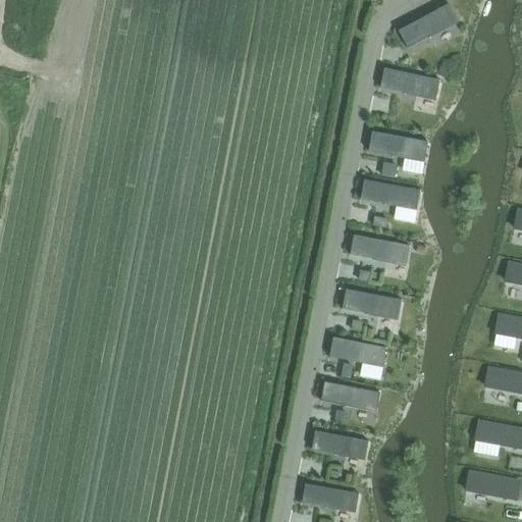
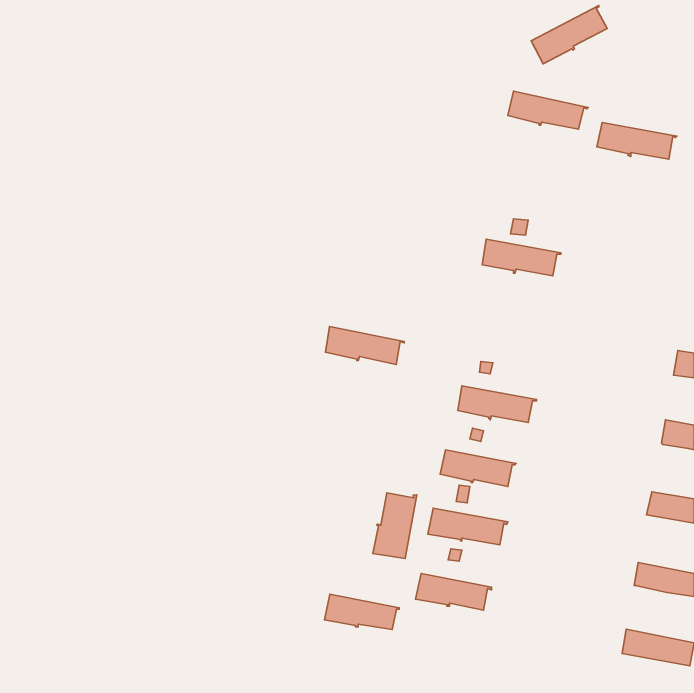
building: [369,132,429,159] -> [597,122,677,159]
building: [351,234,410,263] -> [326,326,404,365]
building: none -> [373,493,417,559]
building: [303,483,359,510] -> [324,594,399,630]

